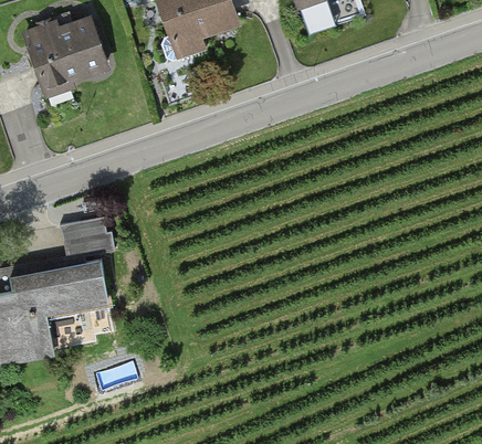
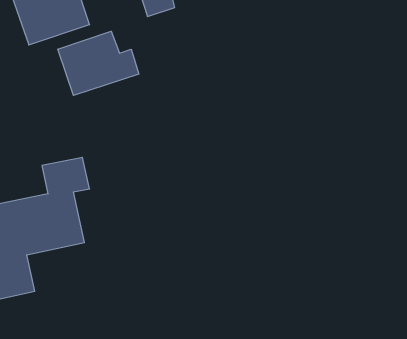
building: none -> [58,31,139,95]

